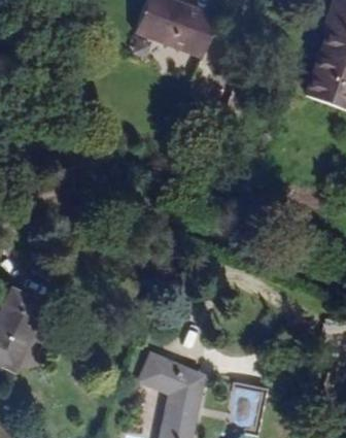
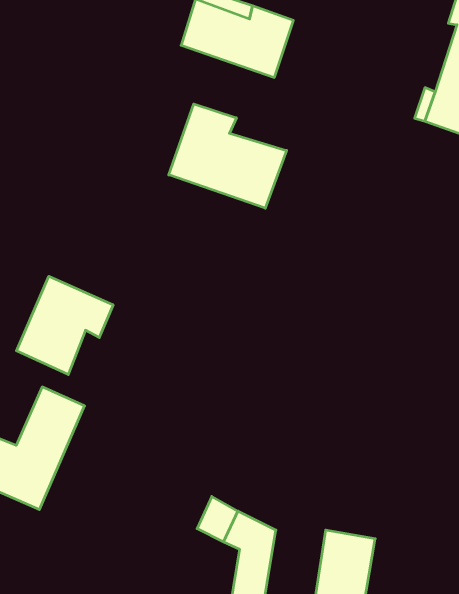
building: none -> [169,104,287,208]
building: none -> [16,276,113,375]

